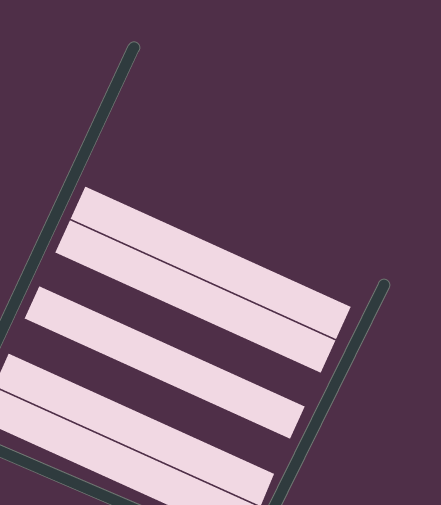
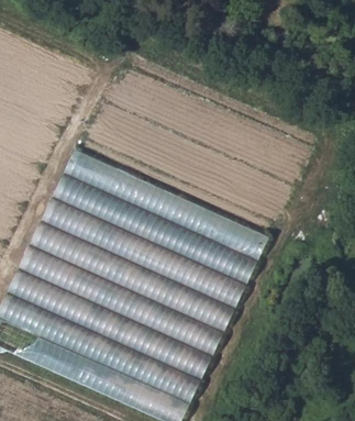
building: none -> [65,149,266,258]
building: none -> [32,220,234,330]
building: none -> [10,267,212,378]

